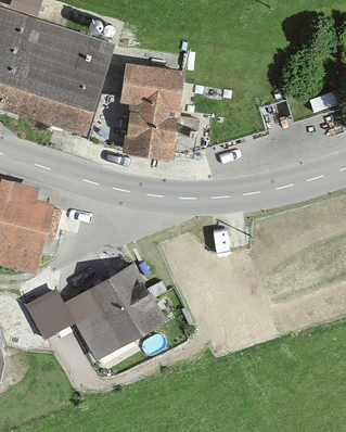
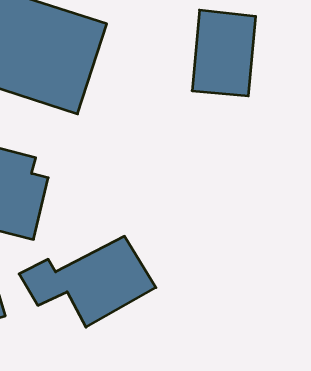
building: [118,63,184,152] -> [192,10,256,96]

